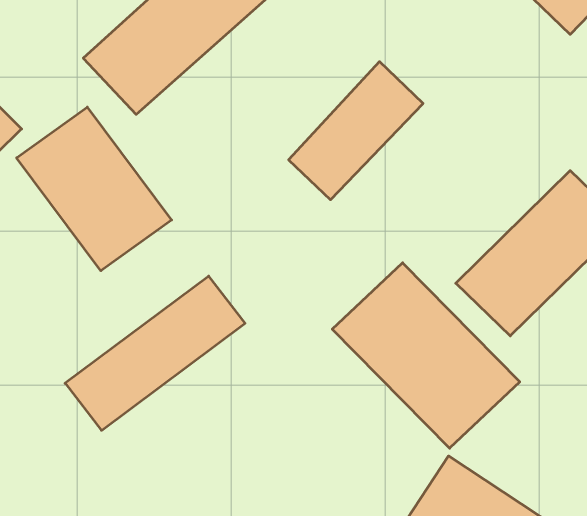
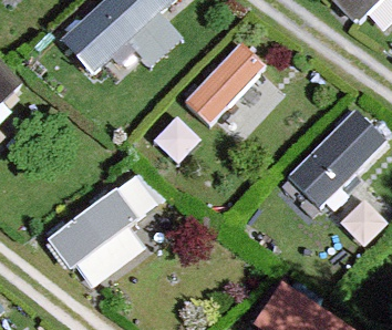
building: [17,107,172,271] -> none
building: [332,263,520,448] -> none

